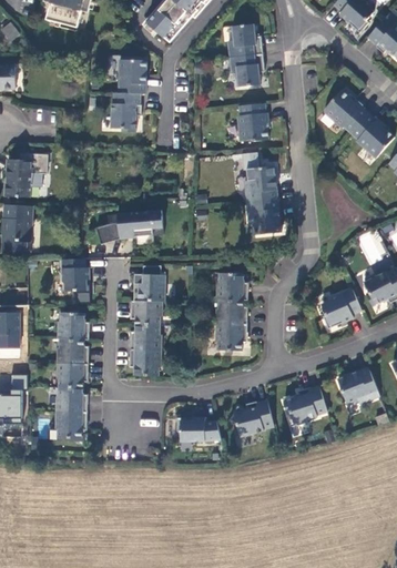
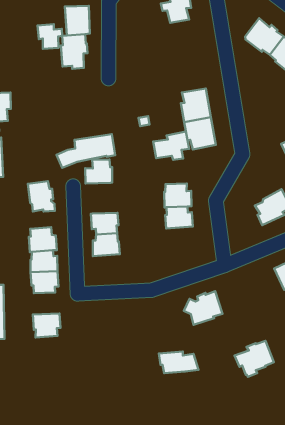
building: none -> [38,24,62,49]
building: [237,102,267,140] -> none
building: none -> [153,131,189,160]
building: [132,273,164,301] -> [85,160,112,184]
building: [214,323,246,349] -> none
building: [129,348,160,375] -> none
building: [282,385,326,425] -> [235,341,274,377]
building: [54,386,86,412] -> none
building: [175,416,220,439] -> [159,352,198,373]

